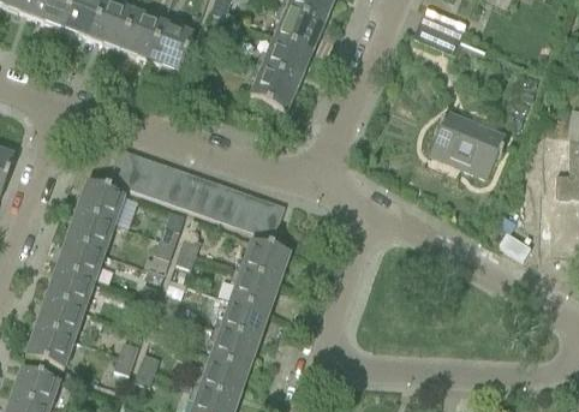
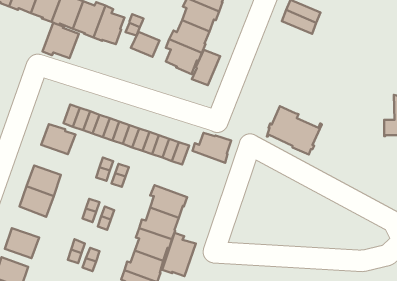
building: none -> [43,23,79,58]
building: none -> [131,32,159,57]
building: none -> [192,50,220,85]
building: [429,111,506,178] -> [267,106,322,154]
building: [67,209,114,251] -> none
building: [235,240,290,282] -> [192,133,231,163]
building: [36,295,84,339] -> none
building: none -> [162,233,196,276]

